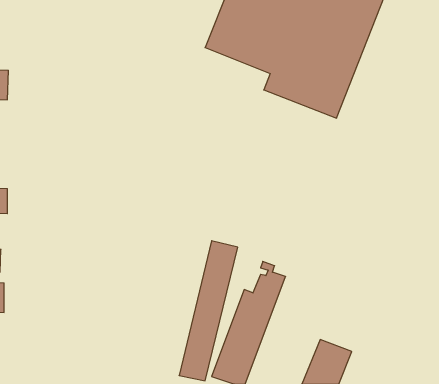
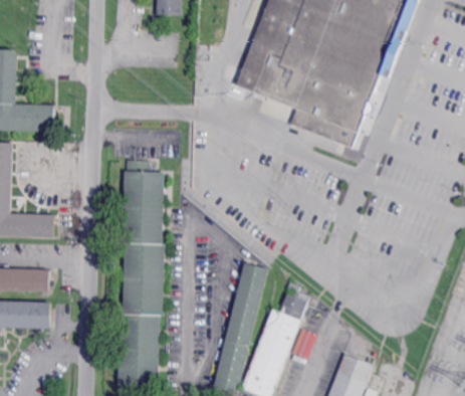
building: none -> [118,160,164,388]

